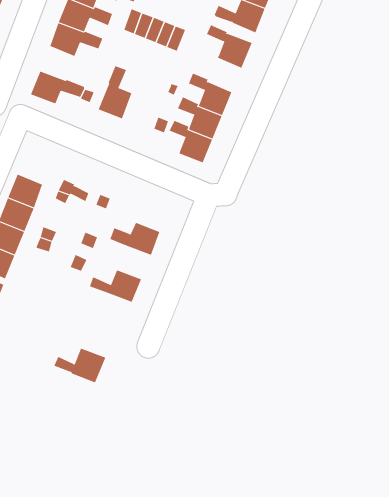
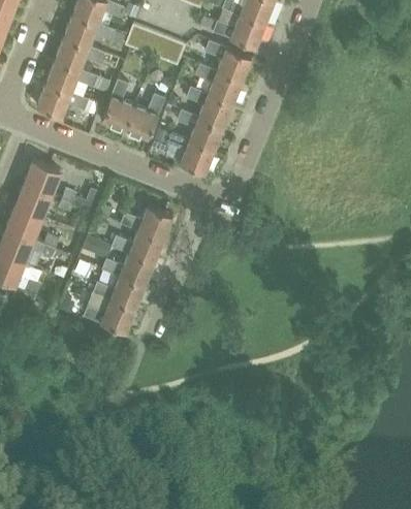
building: none -> [46,60,99,93]
building: none -> [197,63,241,104]
building: none -> [126,93,166,139]
building: none -> [25,160,59,193]
building: none -> [123,205,172,238]
building: none -> [103,252,154,284]
building: [54,348,106,383] -> [85,297,135,331]

